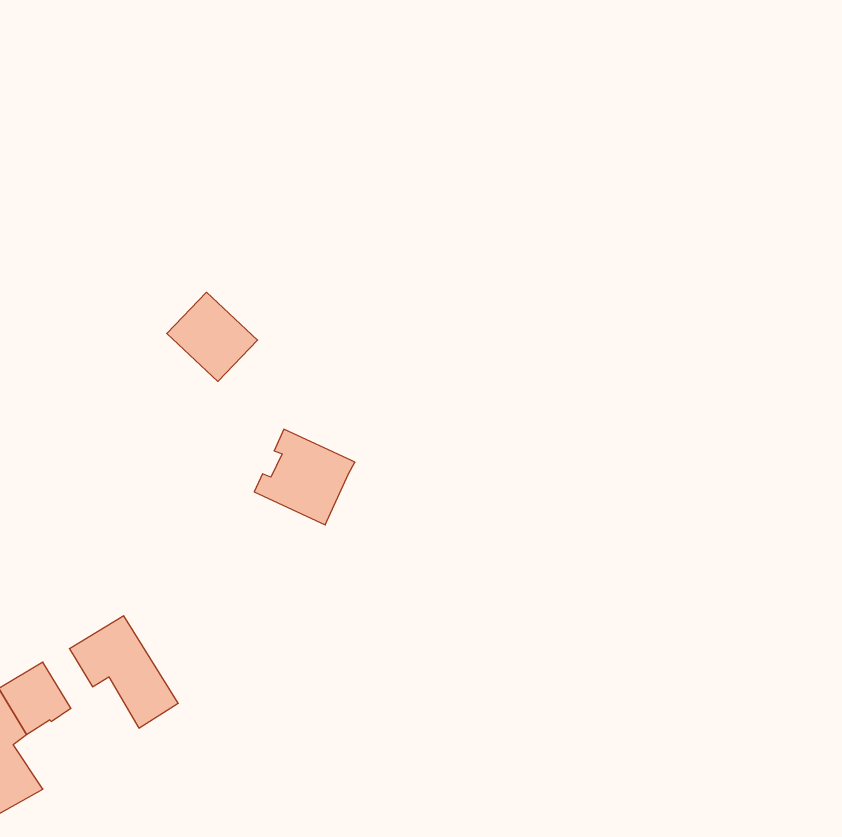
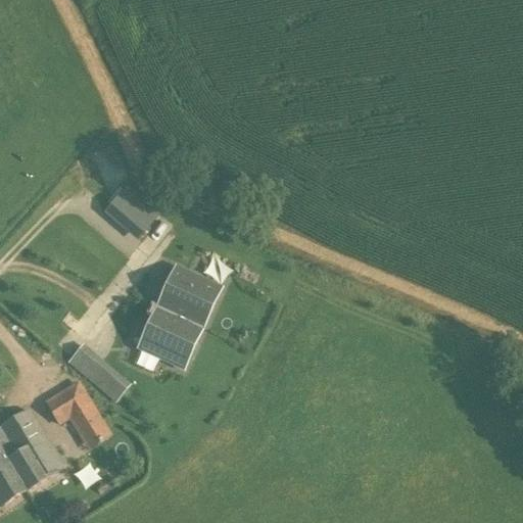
building: none -> [138,304,201,366]
building: none -> [67,339,130,398]
building: none -> [8,438,54,489]

